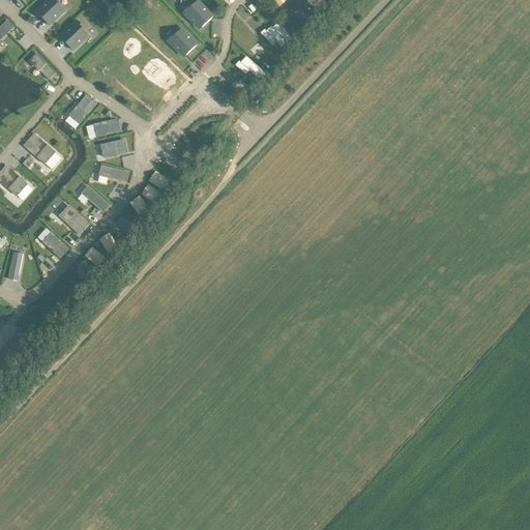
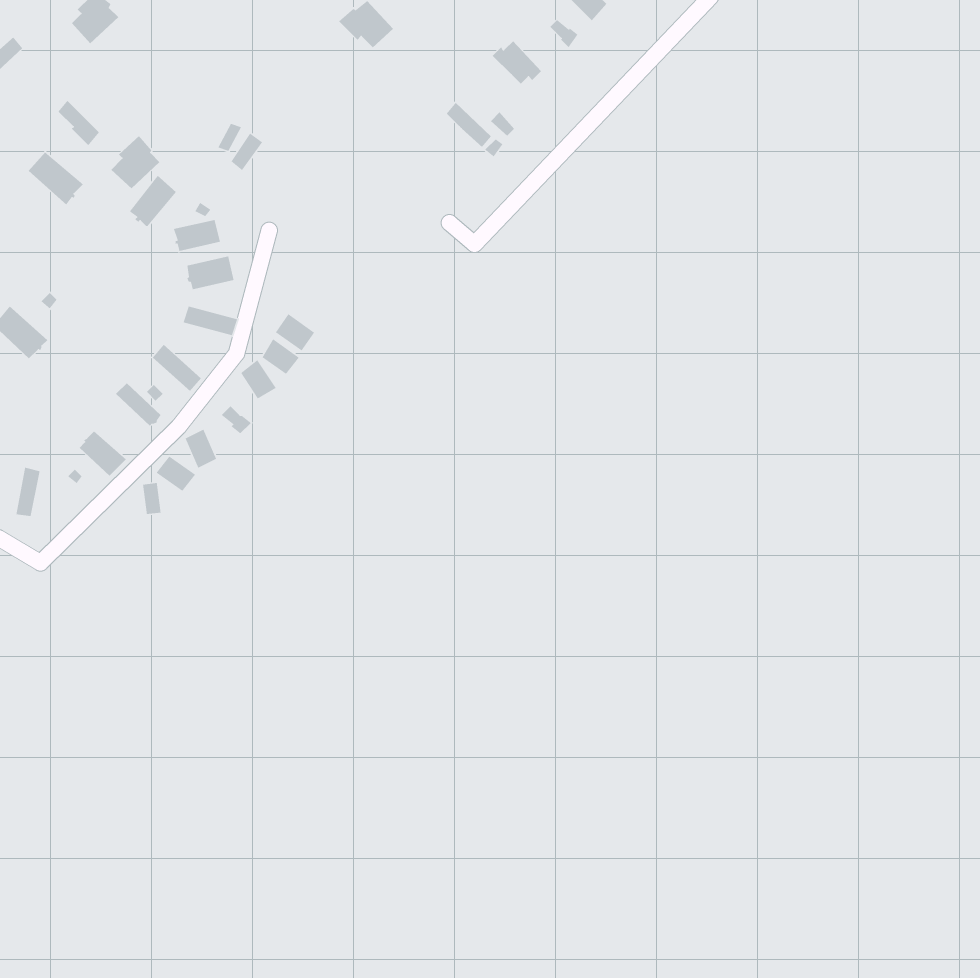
building: [61,20,88,49] -> [110,135,160,189]
building: [167,28,197,54] -> none
building: [24,134,54,163] -> [28,152,84,205]

